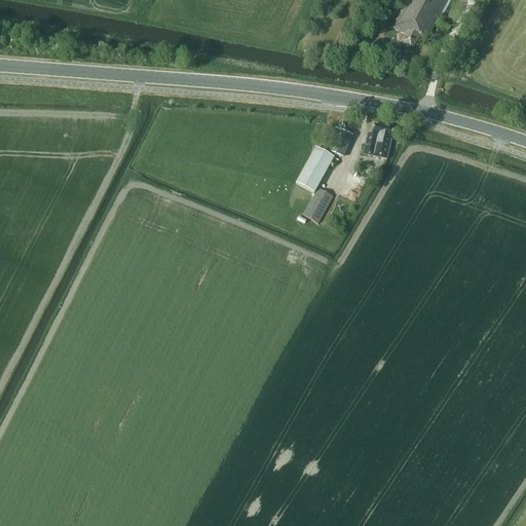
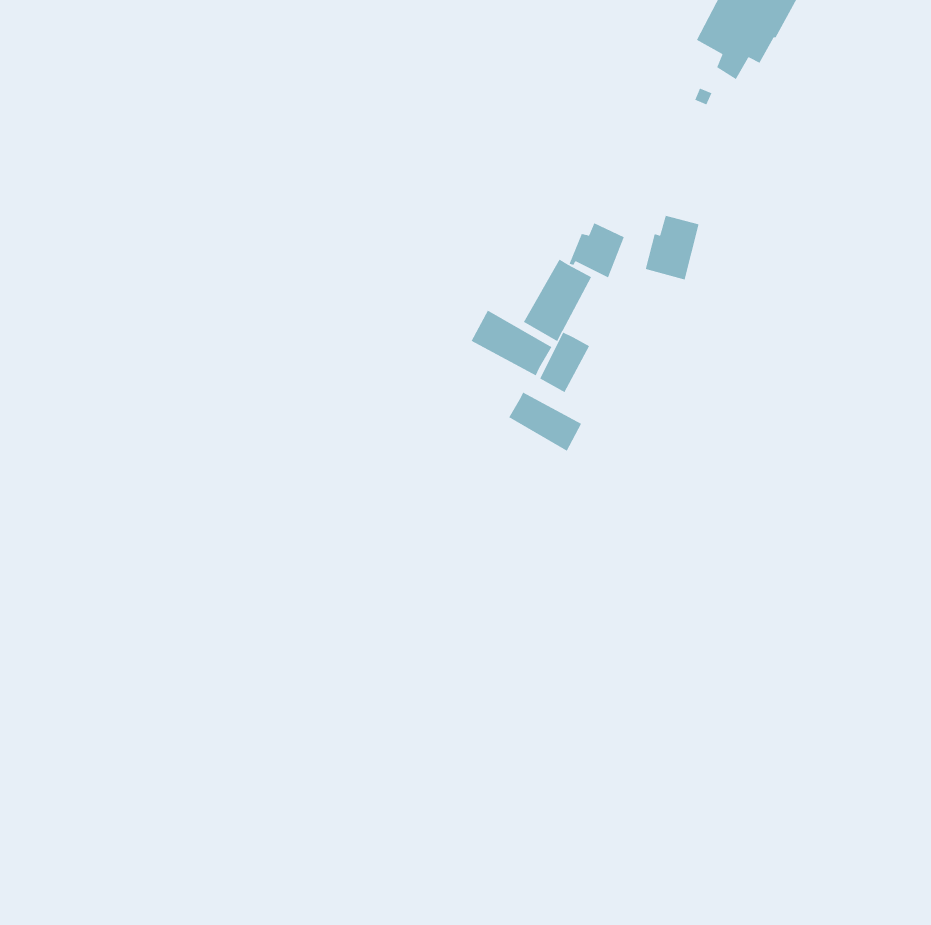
building: none -> [471,309,552,376]
building: none -> [508,392,582,452]

